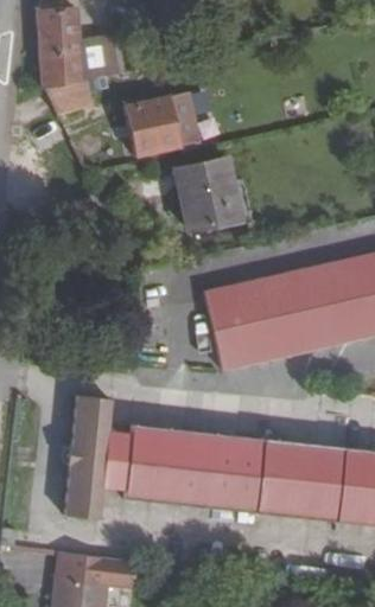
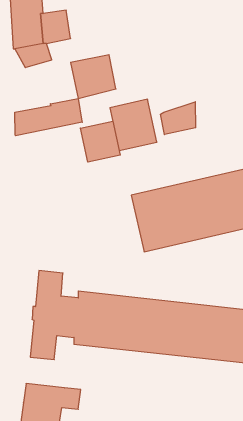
building: none -> [15,98,82,136]
building: none -> [160,102,196,135]
building: none -> [80,121,120,162]

